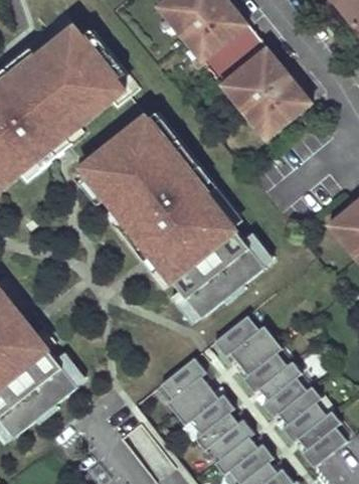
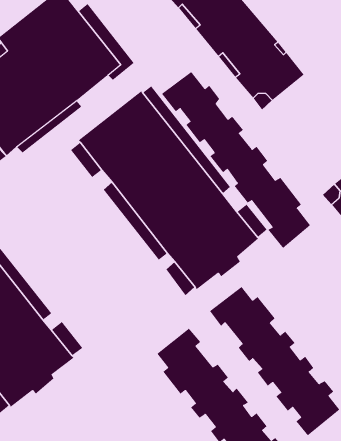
building: none -> [161,71,311,249]

